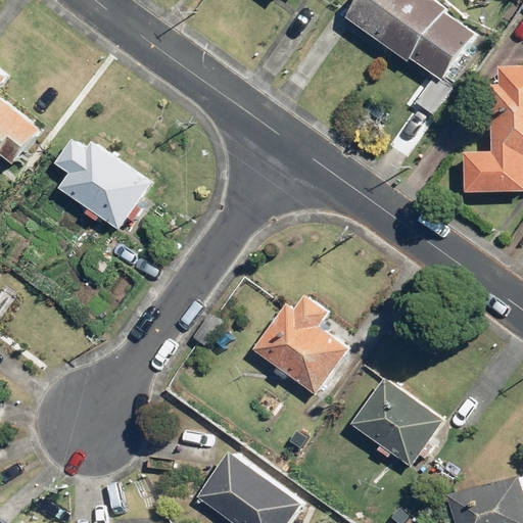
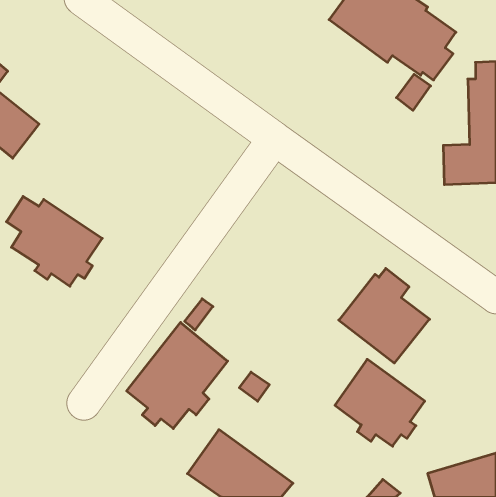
building: [52,136,152,230] -> [6,196,102,286]
building: [254,294,349,393] -> [339,268,430,363]
building: none -> [127,322,228,429]

